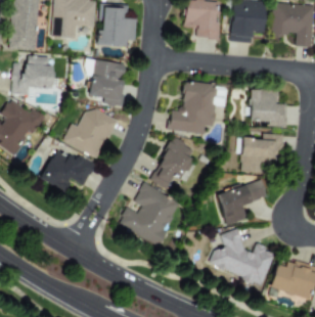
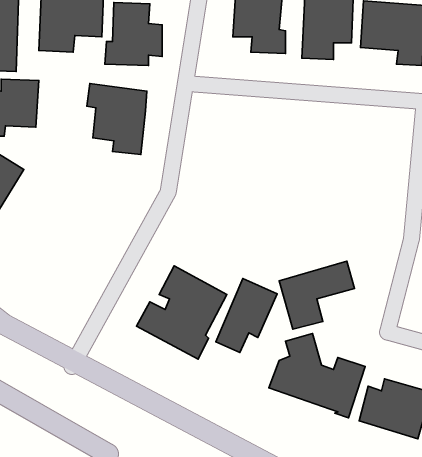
building: [168,81,219,135] -> none
building: [250,90,287,128] -> none
building: [62,106,117,158] -> none
building: [240,134,282,173] -> none
building: [152,138,194,188] -> [216,279,277,352]
building: [40,150,95,193] -> none

